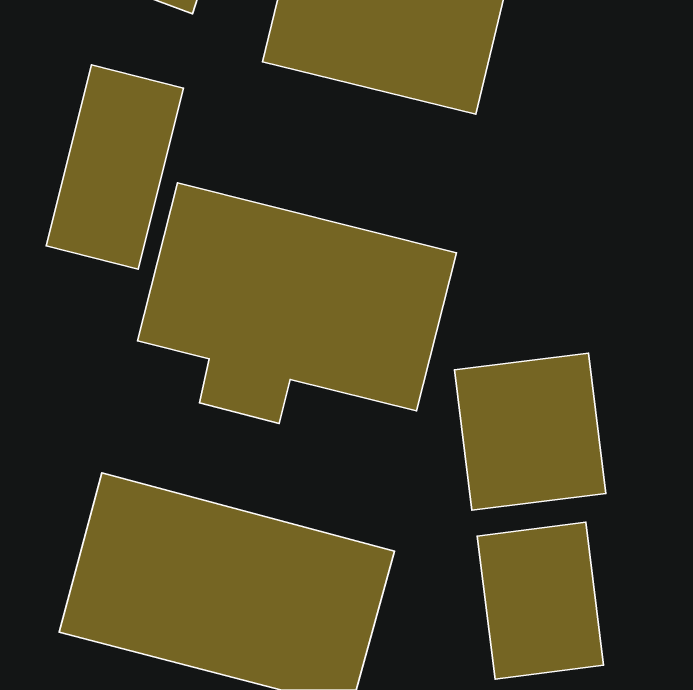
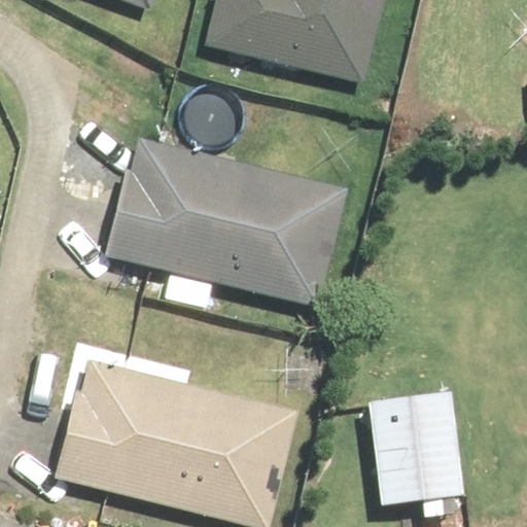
building: [46,65,184,269] -> none
building: [454,353,606,510] -> none

